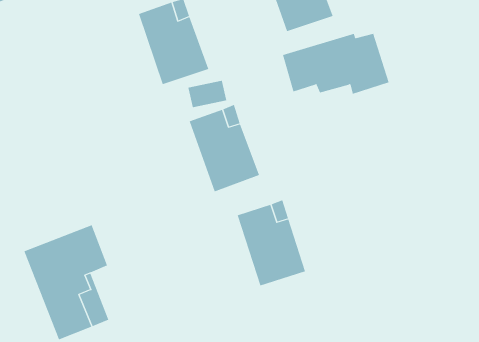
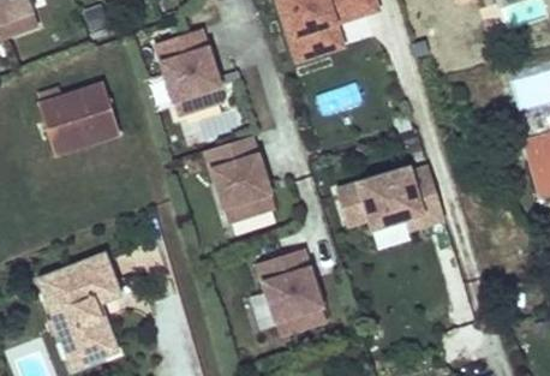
building: [282,33,389,94] -> [337,166,444,227]
building: none -> [38,82,124,156]

